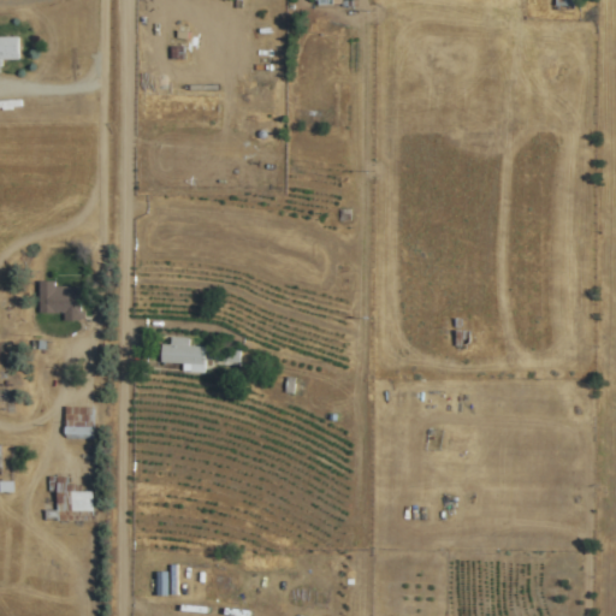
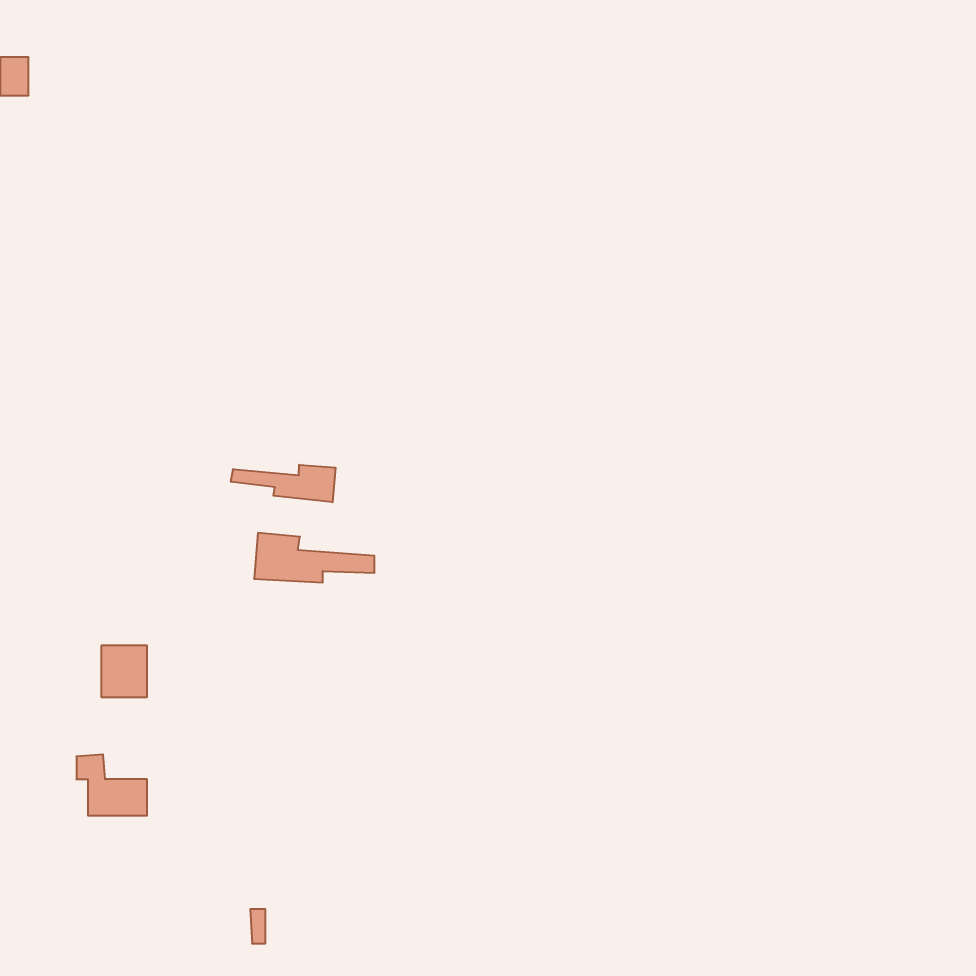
building: [38,284,82,320] -> none
building: none -> [231,465,335,502]

